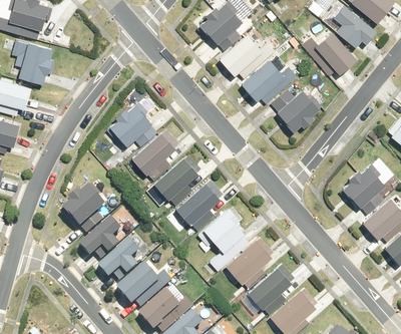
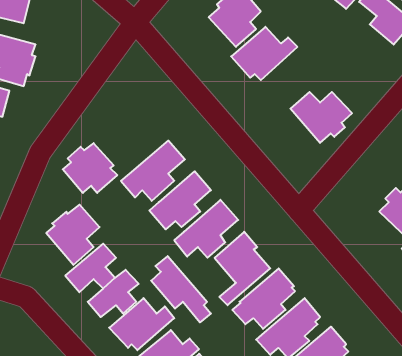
building: [311,29,358,75] -> none
building: [242,59,296,104] -> none
building: [110,105,156,147] -> [63,143,117,193]
building: none -> [151,256,211,322]

